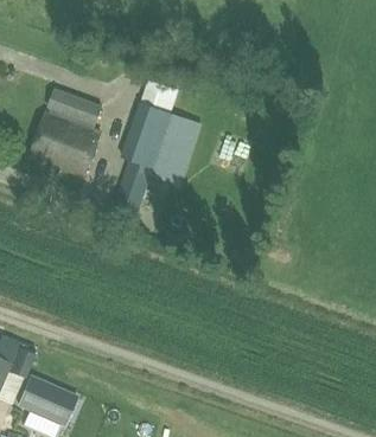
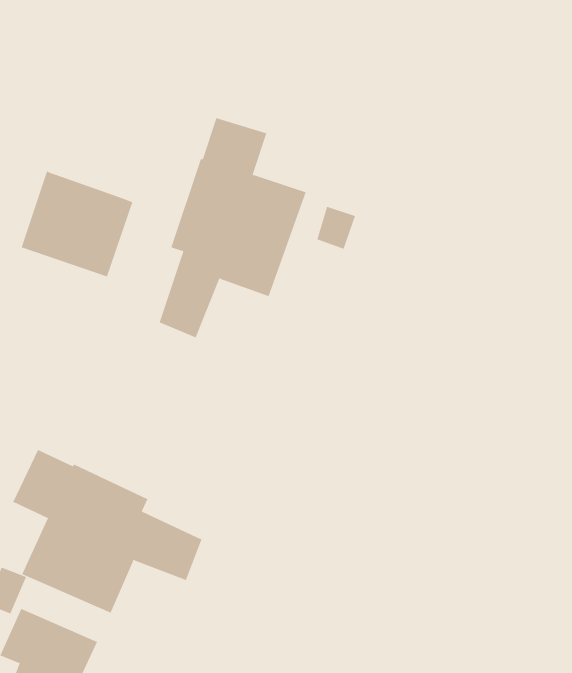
building: [46,88,102,128] -> none
building: none -> [13,449,202,613]

